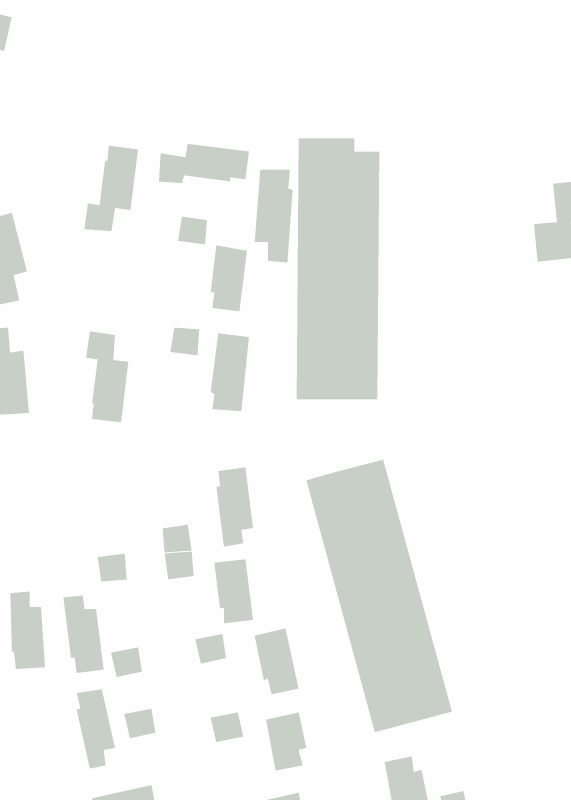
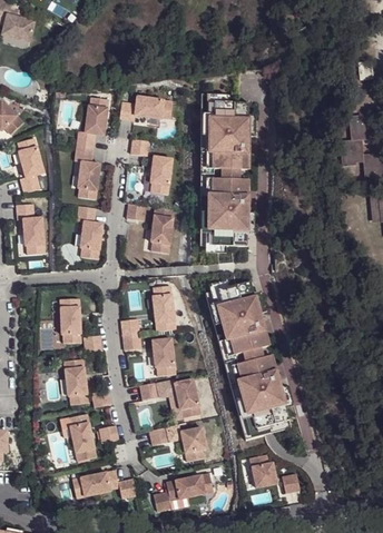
building: [254,169,293,263] -> none
building: none -> [75,147,100,199]
building: [9,591,46,670] -> [60,298,81,344]

